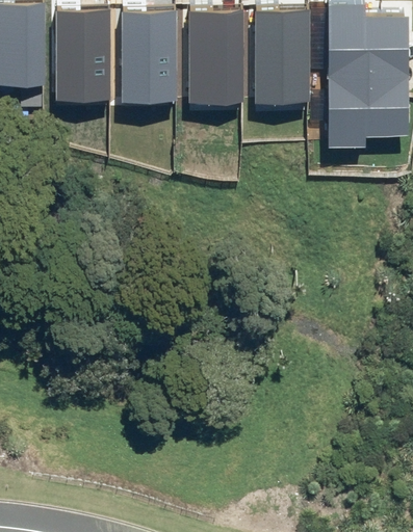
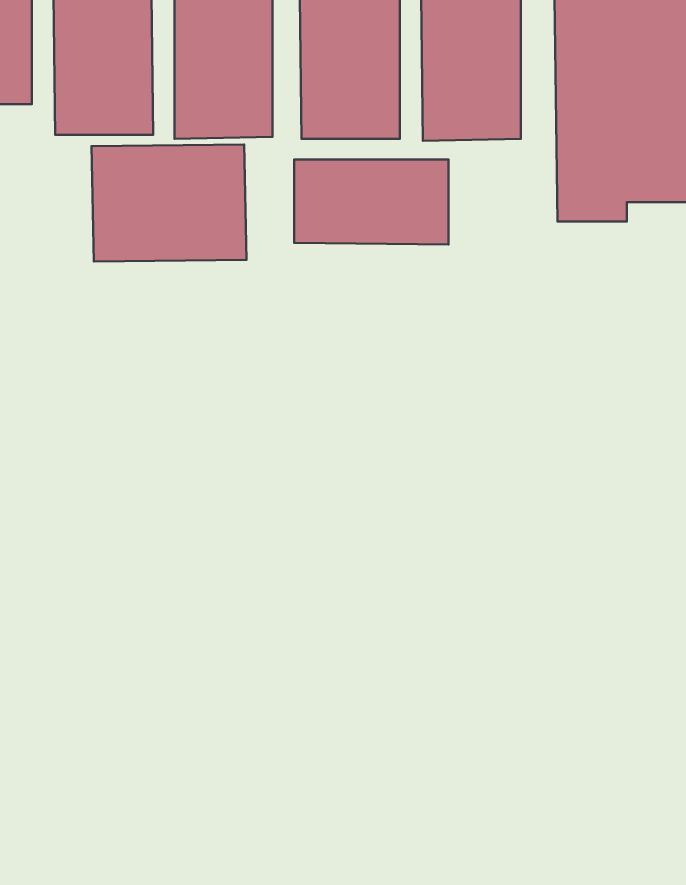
building: none -> [91,145,247,262]
building: none -> [294,160,449,245]

